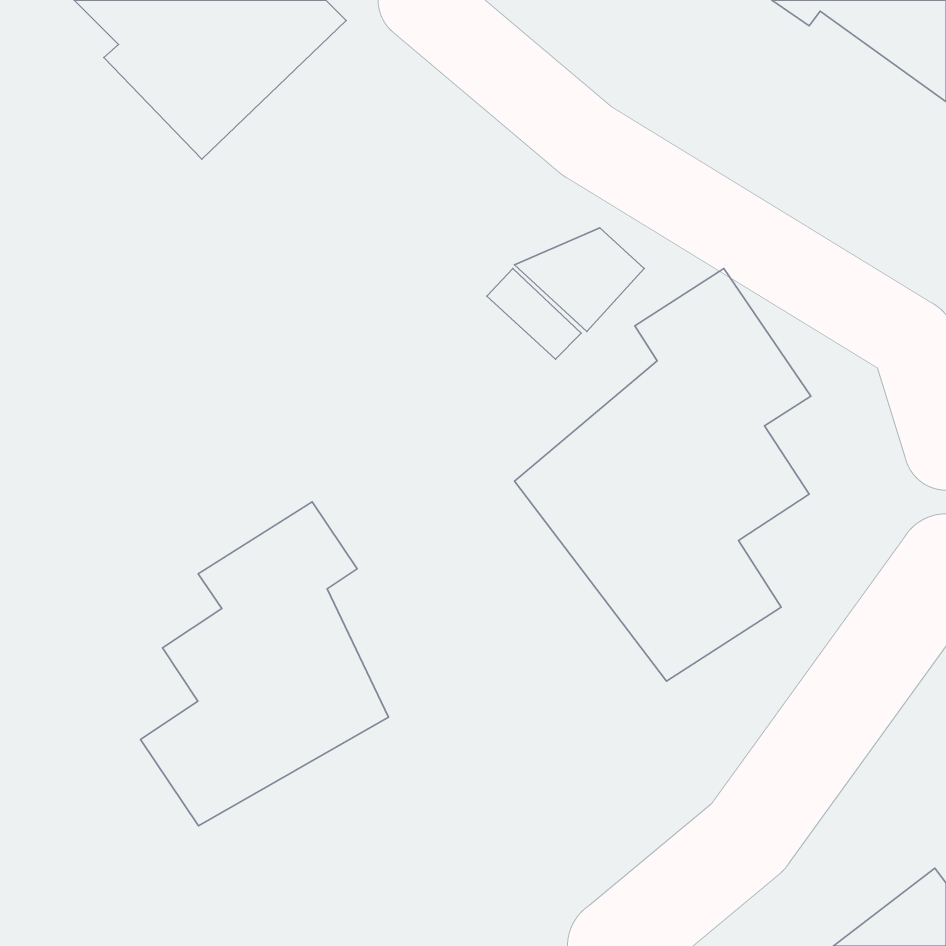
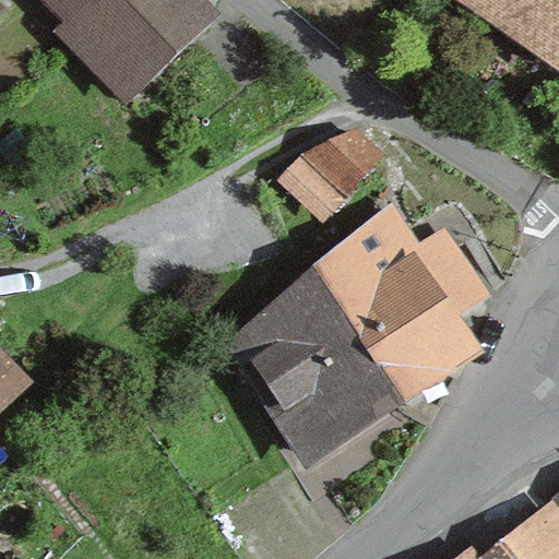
building: none -> [235,284,393,456]
building: [140,502,388,826] -> none

